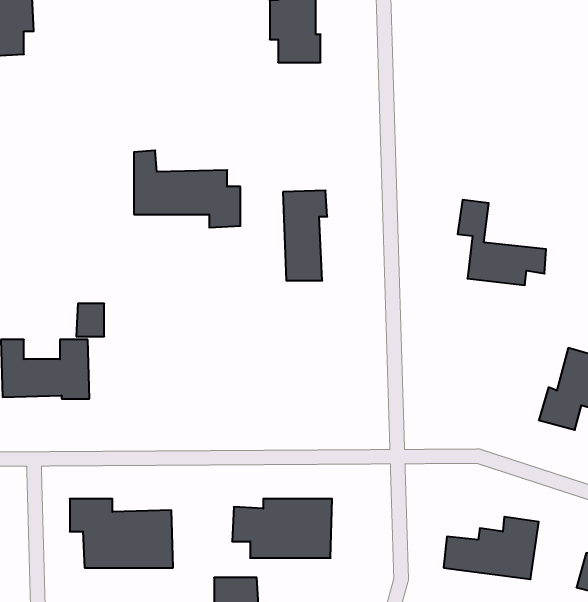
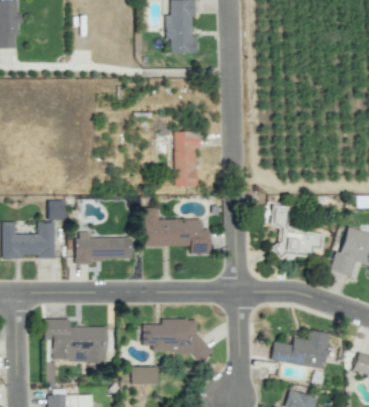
building: [134,150,240,228] -> [145,207,210,254]
building: [458,200,546,285] -> [270,205,324,257]
building: none -> [76,232,133,261]

